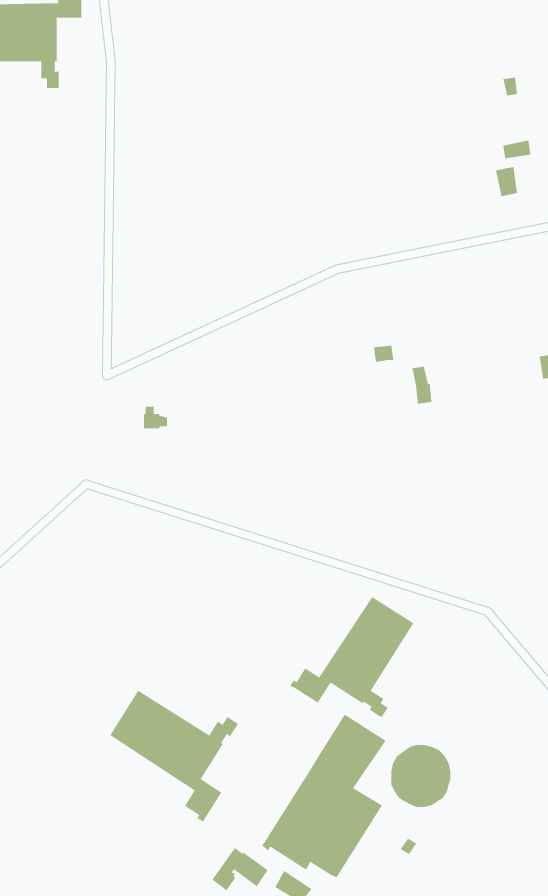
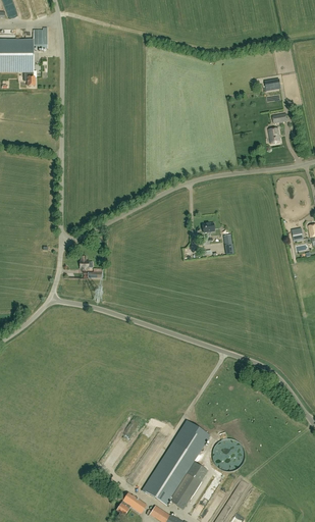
building: [290,596,414,718] -> none
building: [109,690,239,823] -> none

